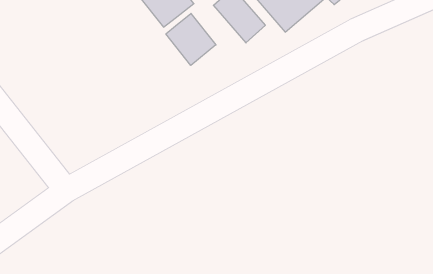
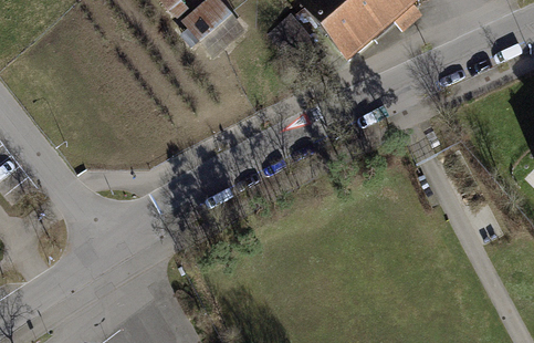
building: [166,13,216,65] -> none

